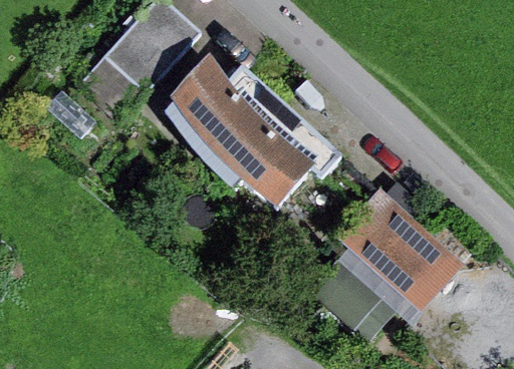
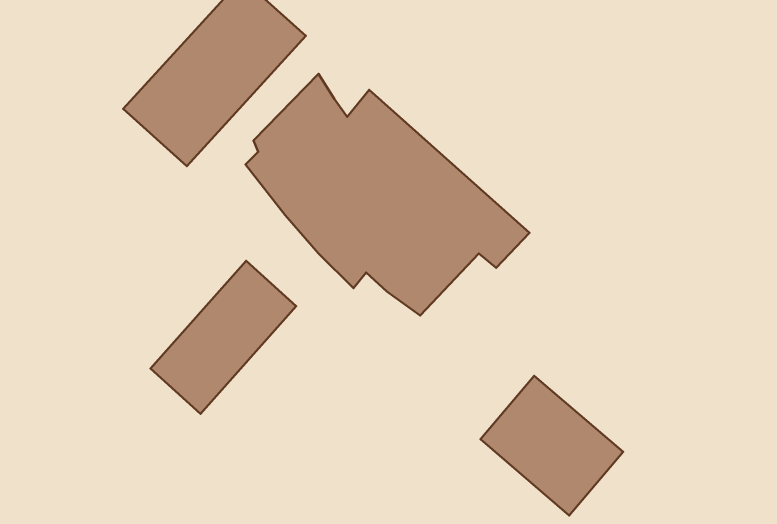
building: none -> [150,261,296,414]
building: [335,189,465,314] -> none

